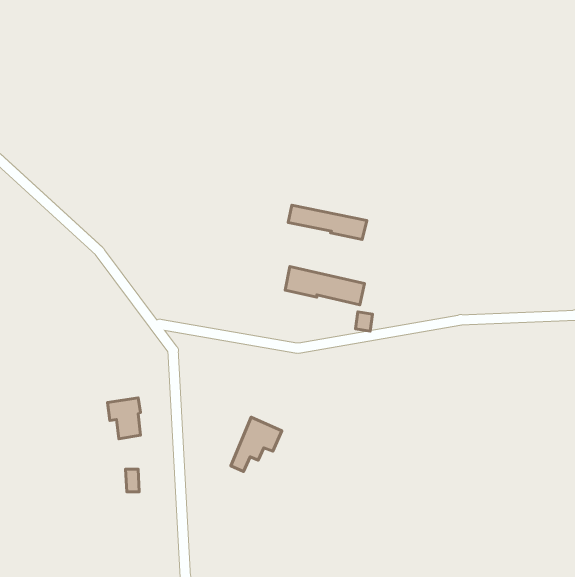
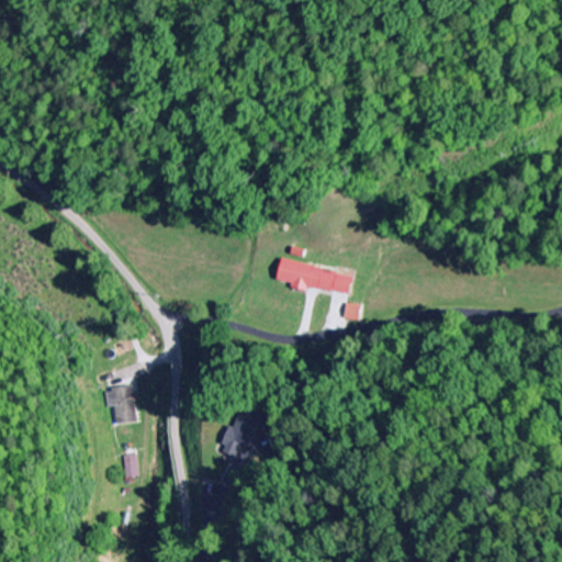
building: [288,205,367,240] -> none

